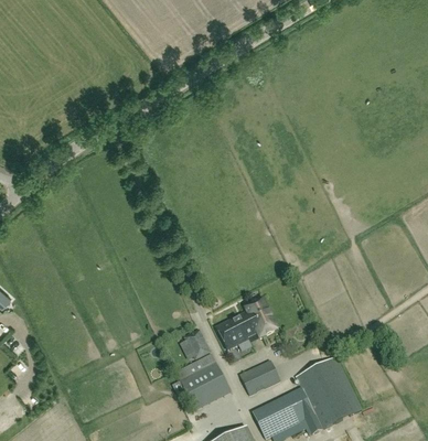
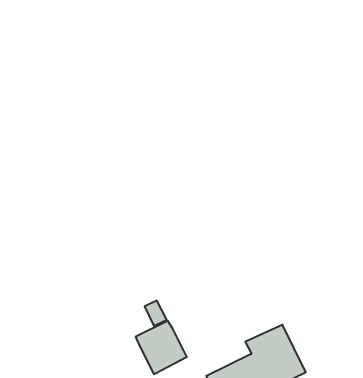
building: [214,298,277,349] -> none
building: [239,361,279,395] -> none

